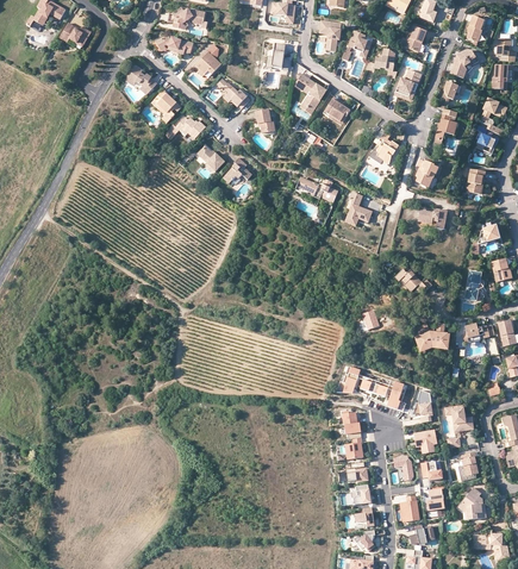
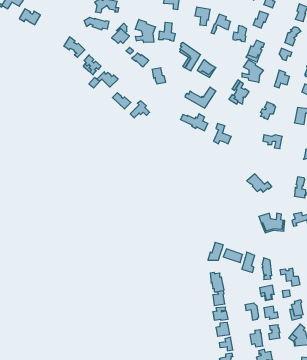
building: none -> [135,19,156,43]
building: none -> [242,60,263,83]
building: none -> [185,87,216,108]

